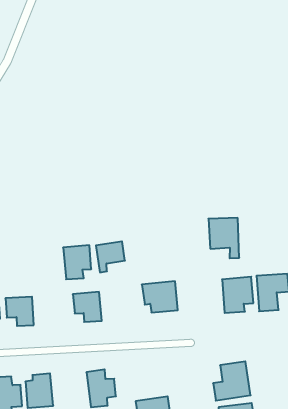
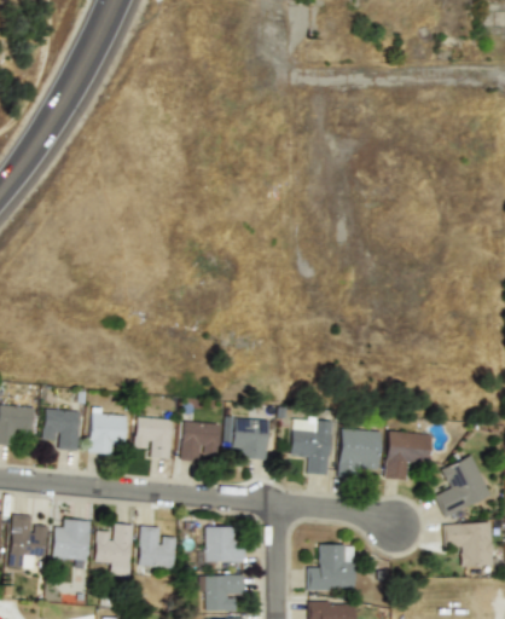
building: [208,218,239,258] -> [291,416,335,475]
building: [96,241,125,272] -> [182,422,219,459]
building: [63,245,91,279] -> [88,409,127,455]
building: none -> [199,526,245,566]
building: none -> [93,523,132,565]

